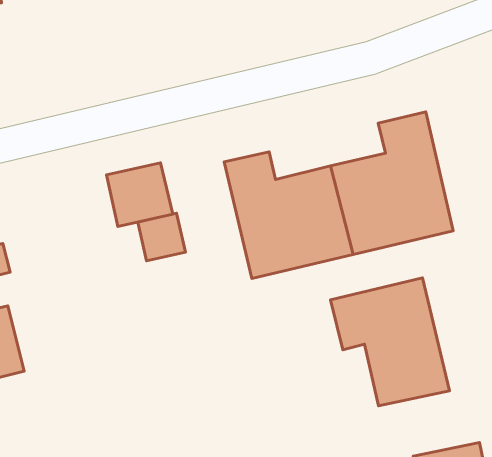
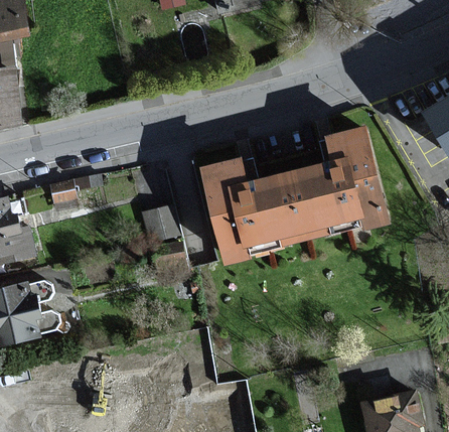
building: [106,163,173,227] -> none
building: [331,278,449,406] -> none

